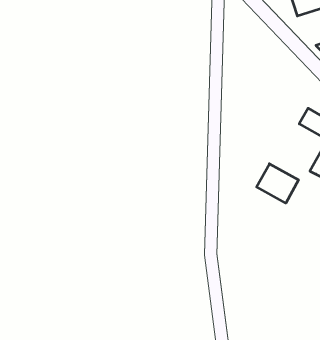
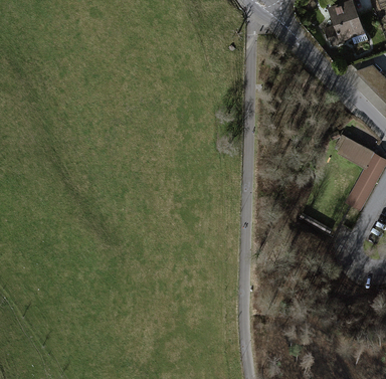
building: [257,164,298,203] -> none

